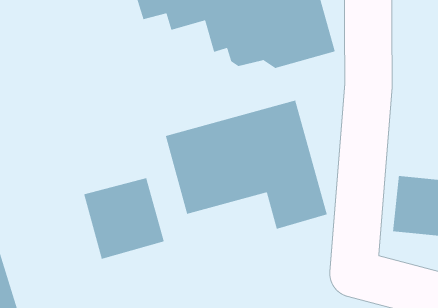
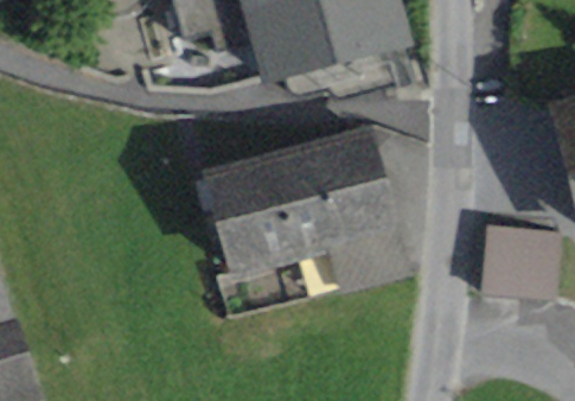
building: [83,177,165,260] -> none

